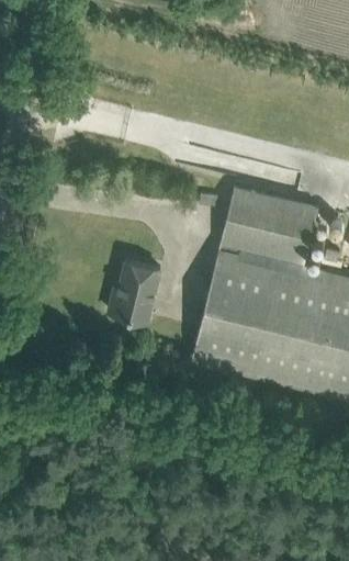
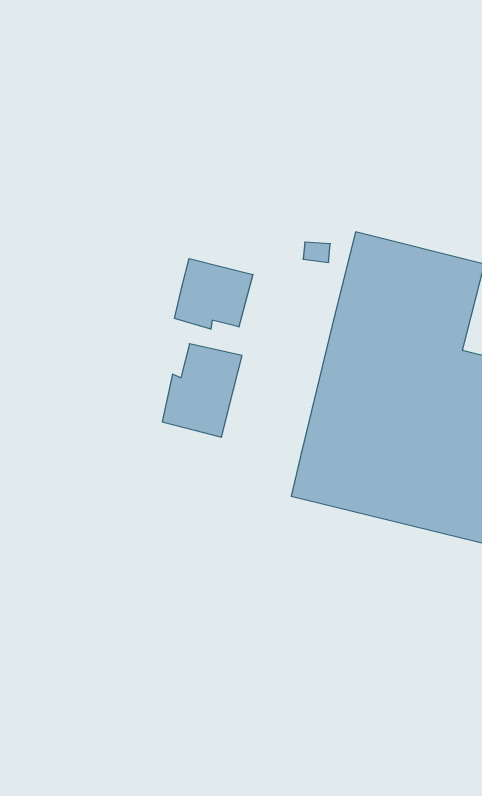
building: none -> [174,259,253,329]

